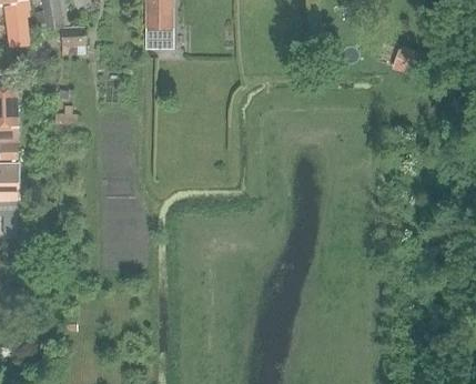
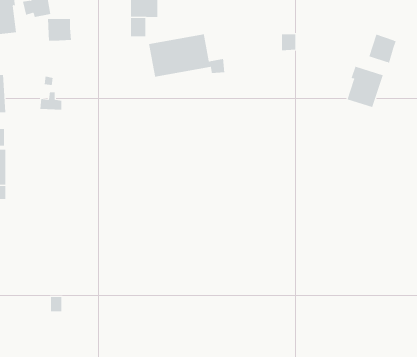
building: none -> [149,33,225,78]
building: none -> [347,66,383,108]

